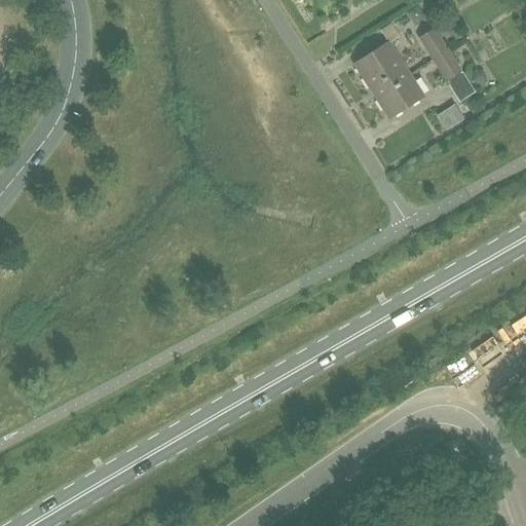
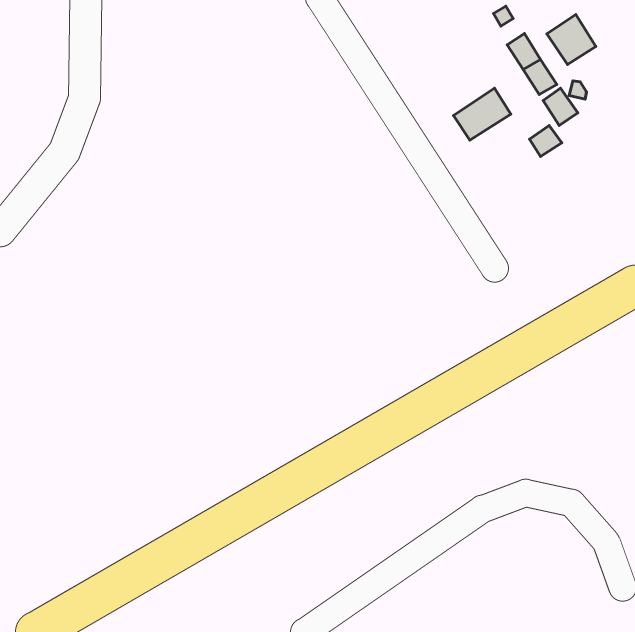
building: none -> [547,15,596,65]
building: [354,41,409,96] -> none

